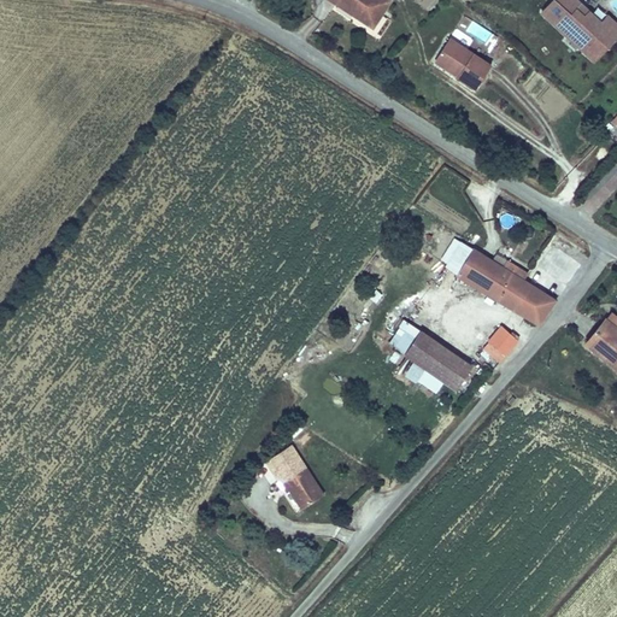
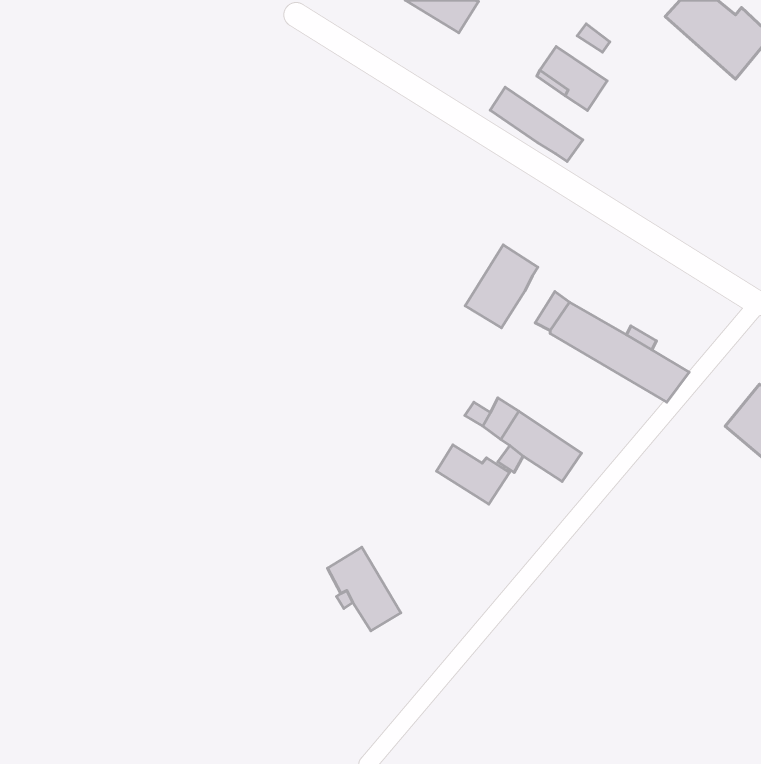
building: none -> [490,87,583,161]
building: none -> [465,245,538,328]
building: [484,328,516,364] -> none
building: none -> [436,445,510,504]

